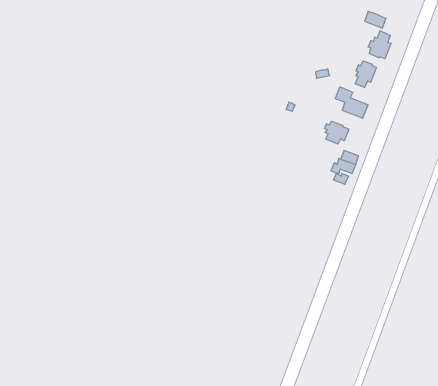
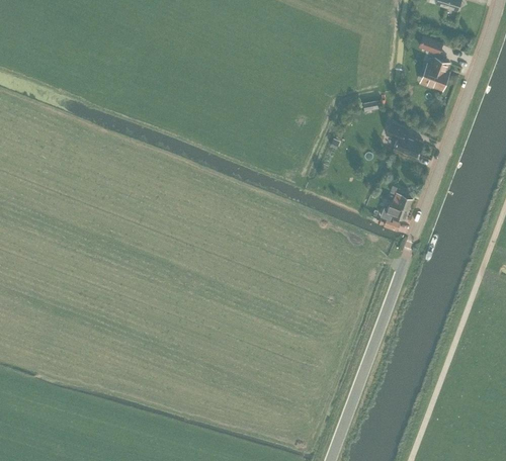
building: [355,61,376,87] -> none
building: [325,121,349,144] -> none

